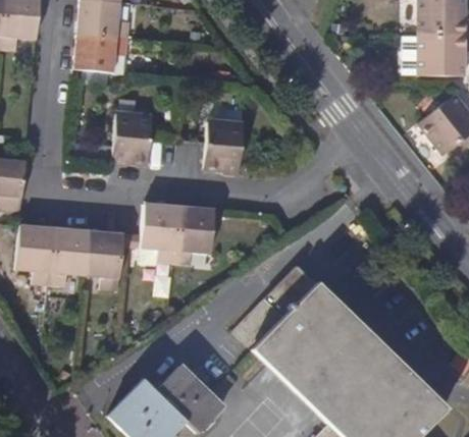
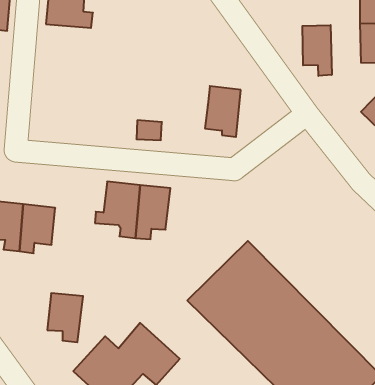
building: [75,33,127,72] -> none
building: none -> [302,25,332,76]
building: [112,111,154,167] -> none
building: [205,121,244,176] -> [205,86,241,137]
building: [85,231,123,284] -> [47,293,83,342]

